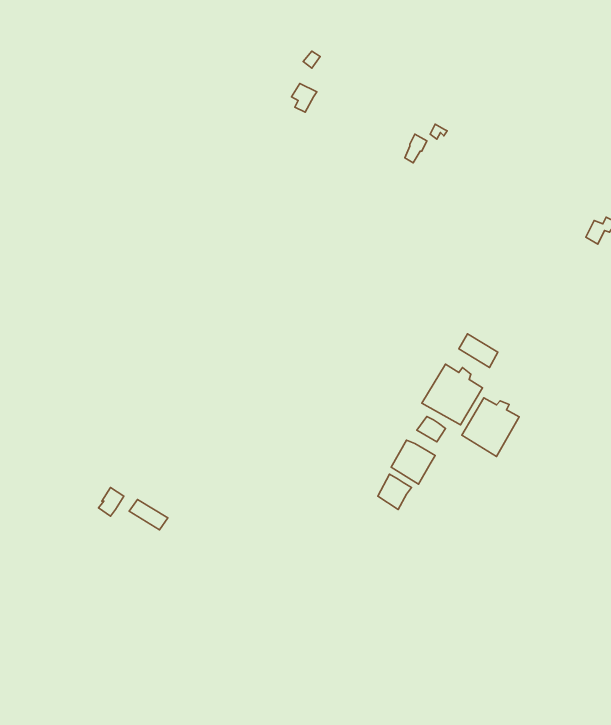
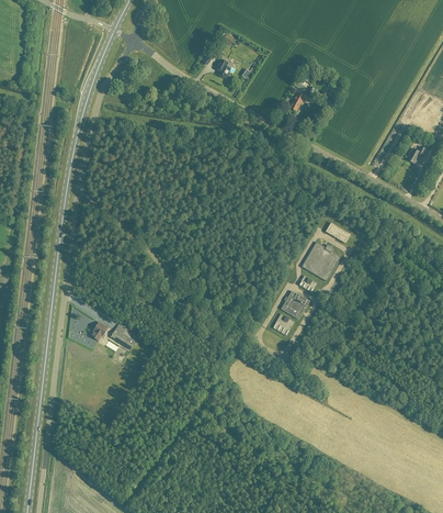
building: [462,398,519,457] -> none

